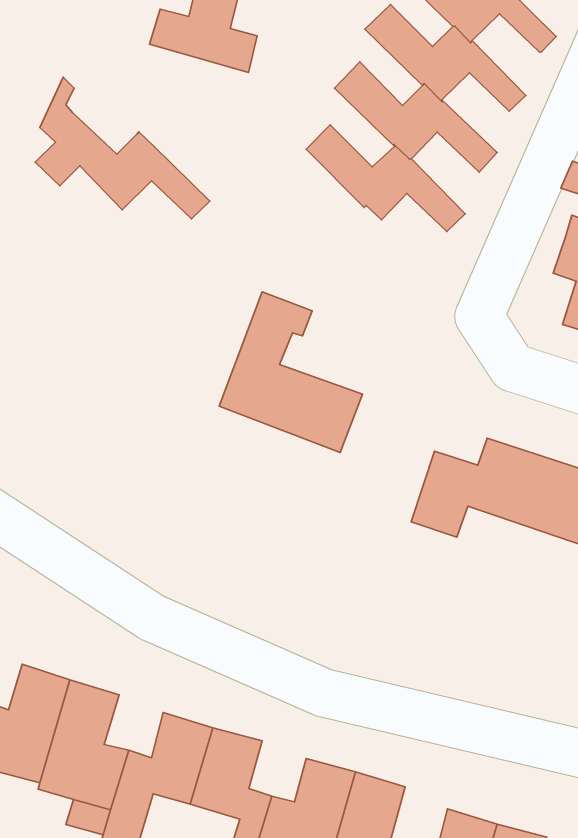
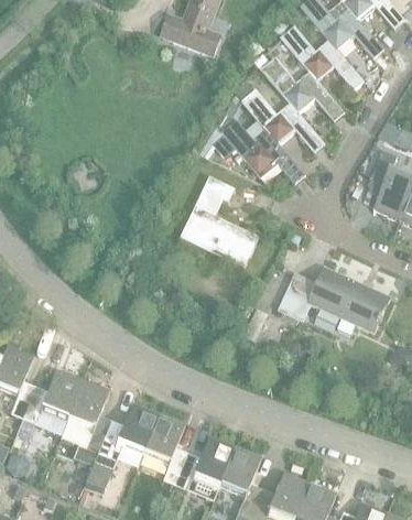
building: [35,77,210,219] -> [213,99,306,184]

